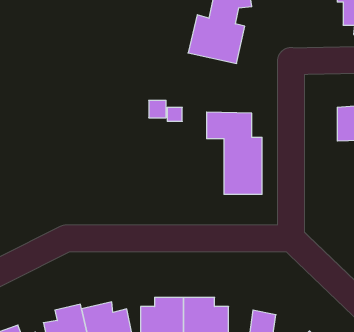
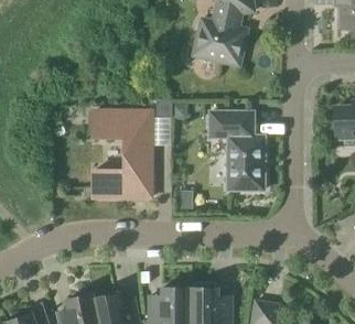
building: none -> [93,111,152,197]

